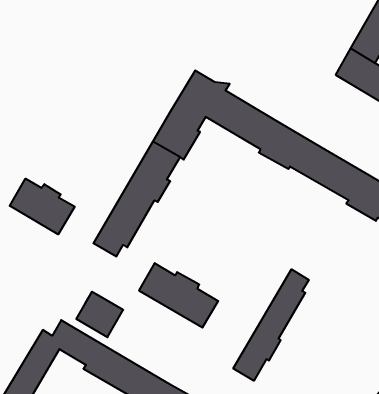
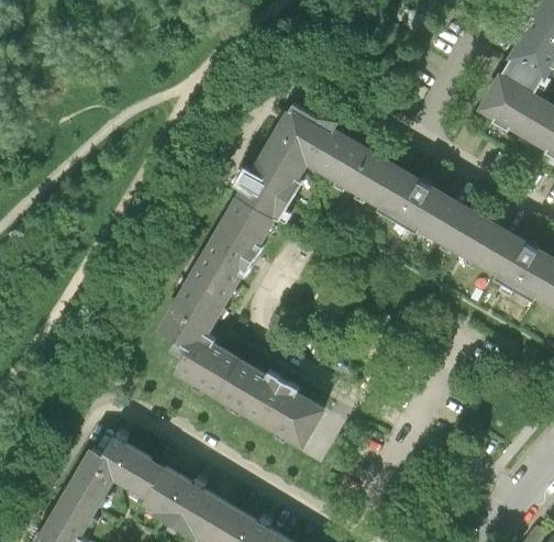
building: [10,179,75,234] -> none
building: [233,269,309,381] -> none
building: [76,292,123,337] -> [176,335,239,396]

